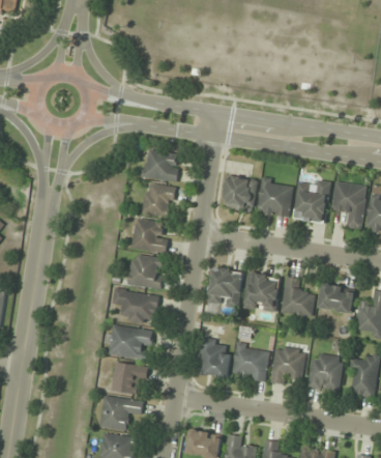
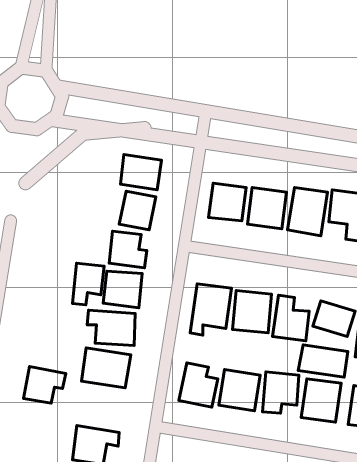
building: none -> [73,263,104,305]
building: none -> [298,345,348,377]
building: [110,361,148,394] -> [24,367,66,403]

